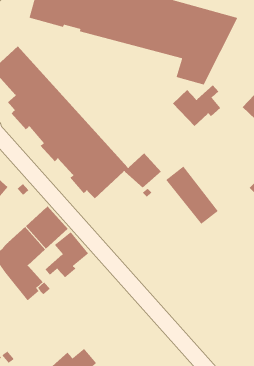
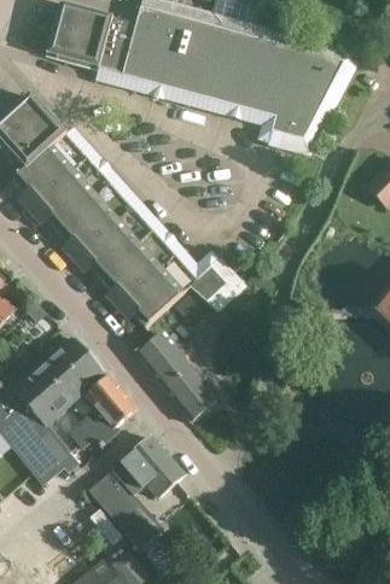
building: [172,85,221,127] -> none
building: [165,166,219,225] -> [136,332,217,421]
building: none -> [88,436,184,548]

